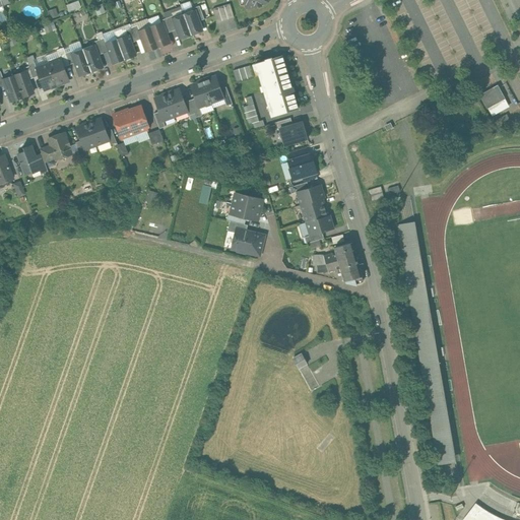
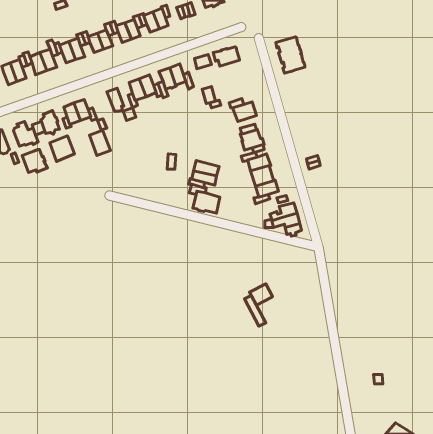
building: [263,72,298,116] -> [276,37,305,73]
building: [478,87,507,114] -> none
building: [112,109,137,139] -> [89,130,111,156]
building: none -> [50,136,75,161]
building: none -> [22,149,47,173]
building: none -> [249,284,272,305]

